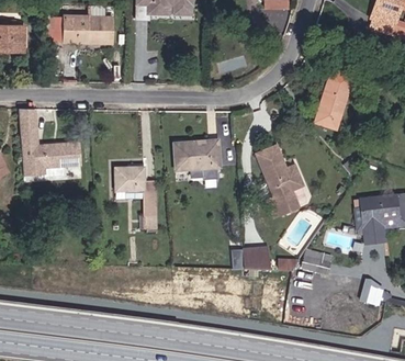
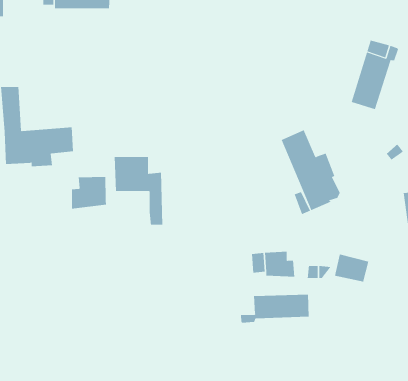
building: [175,142,220,177] -> none
building: none -> [72,176,107,210]
building: none -> [241,294,309,323]

